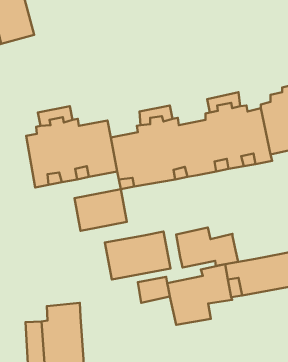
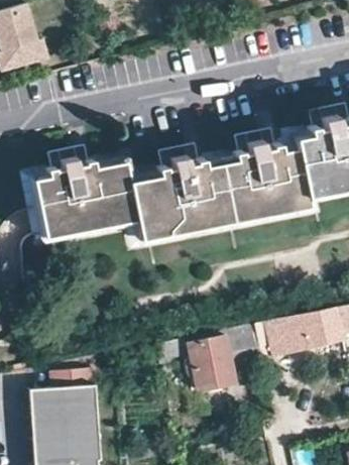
building: [74,189,127,231] -> none
building: [176,228,238,268] -> none
building: [105,232,170,279] -> none

